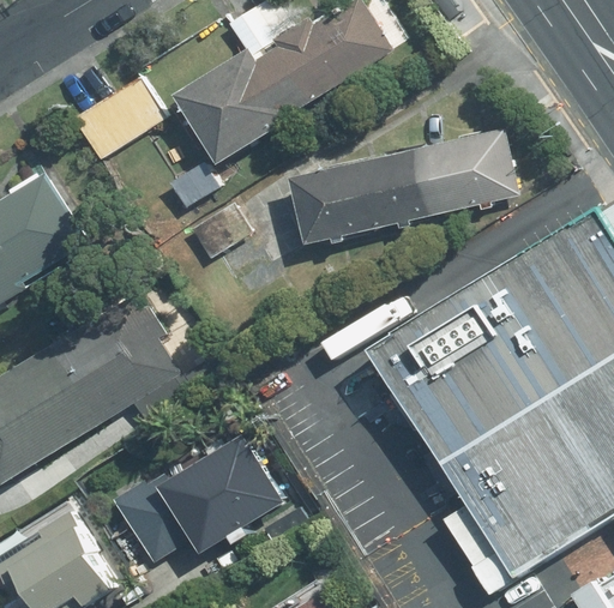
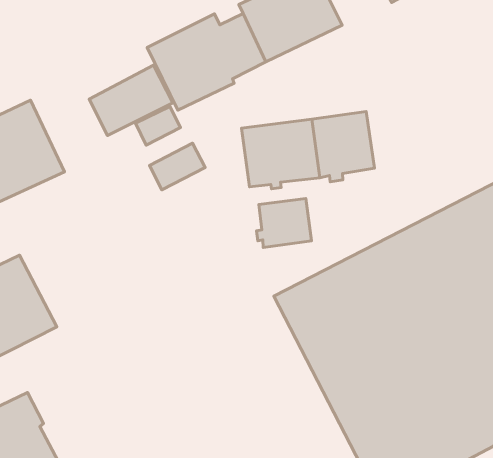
building: [74,72,170,157] -> [89,65,173,136]
building: [429,127,520,209] -> none
building: none -> [257,198,312,248]
building: [50,299,219,425] -> none
building: [108,434,283,564] -> none

